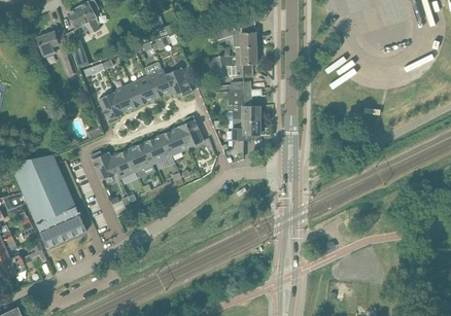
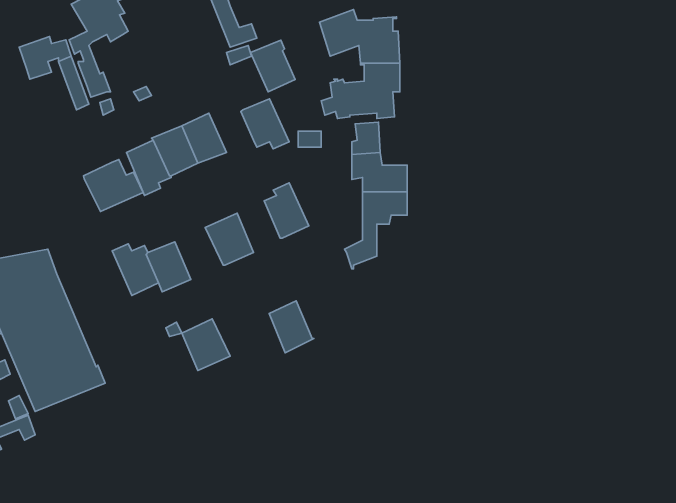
building: [146,69,172,99] -> [250,40,295,92]
building: none -> [84,160,143,211]
building: [163,127,188,156] -> [269,301,314,353]
building: [127,142,154,172] -> [182,319,230,371]

